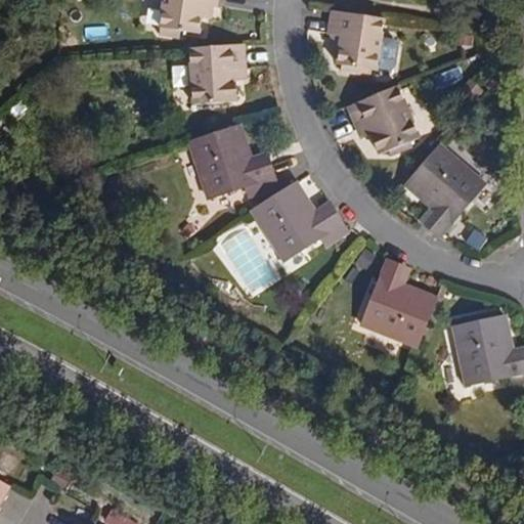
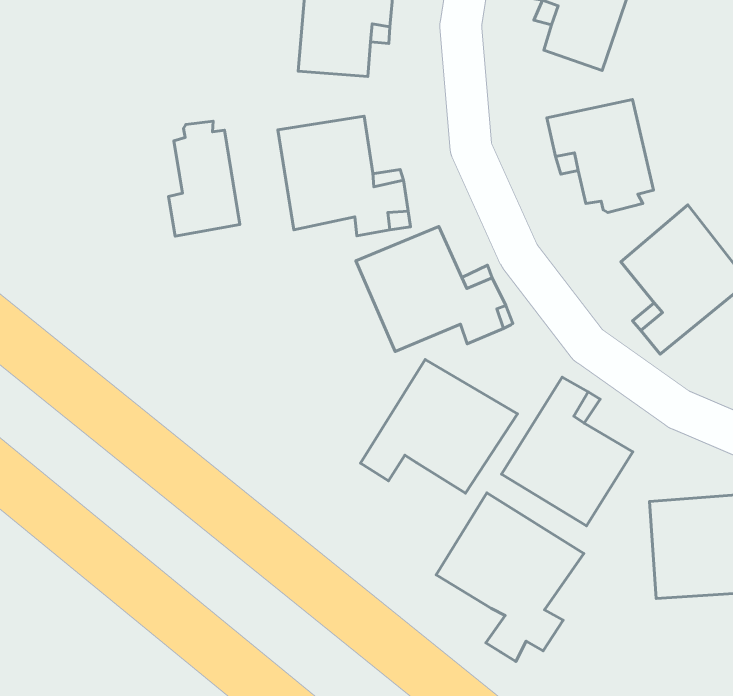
building: none -> [168,121,240,236]
building: none -> [360,359,518,493]
building: none -> [436,493,584,661]

